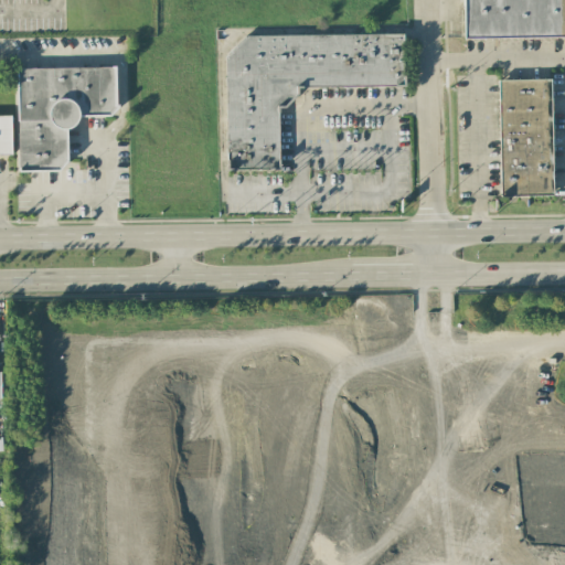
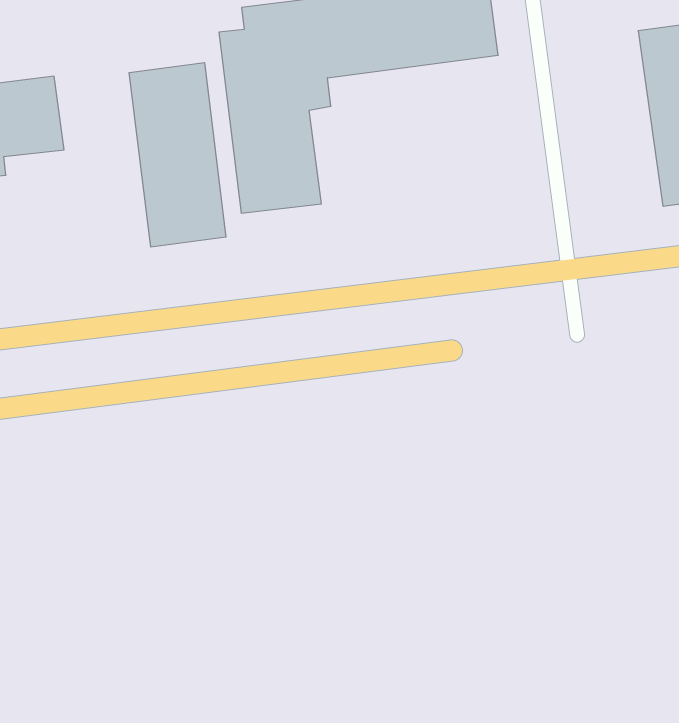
building: none -> [129,63,226,247]

